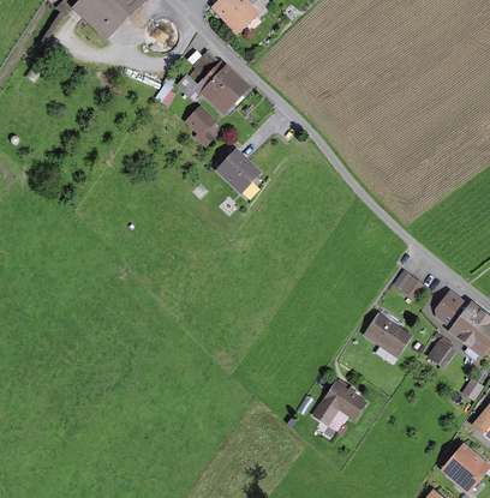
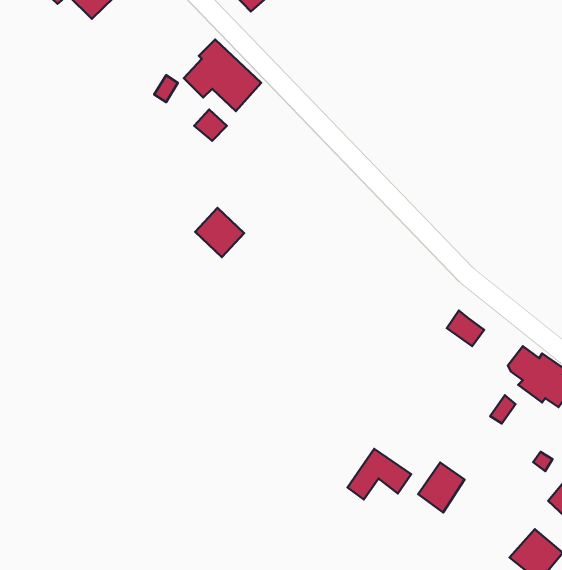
building: [219,151,258,191] -> [195,208,244,257]
building: [365,313,411,355] -> none
building: none -> [418,463,465,512]

